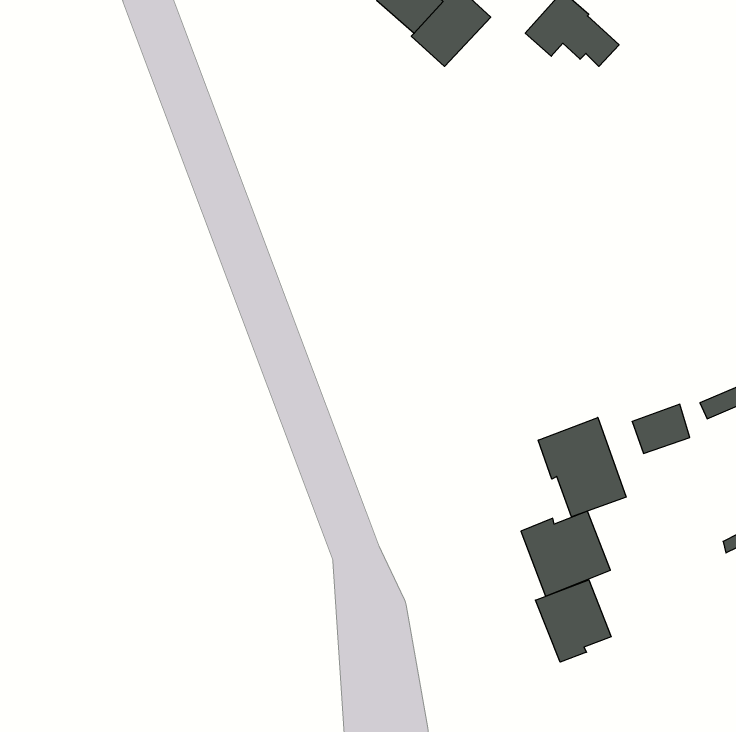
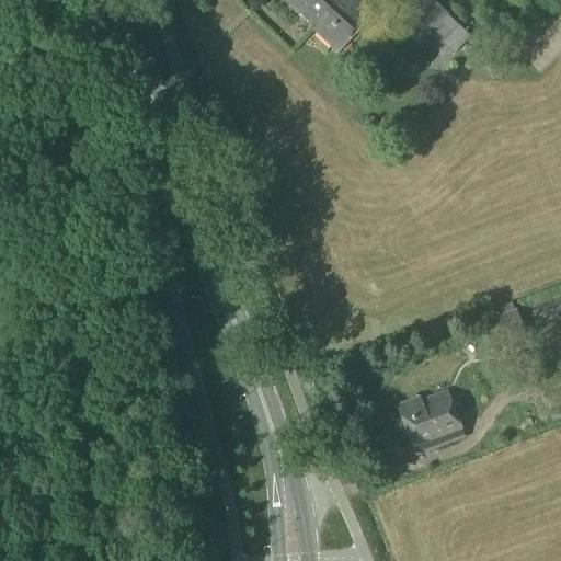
building: [538,417,626,517] -> none
building: [535,580,611,662] -> none

